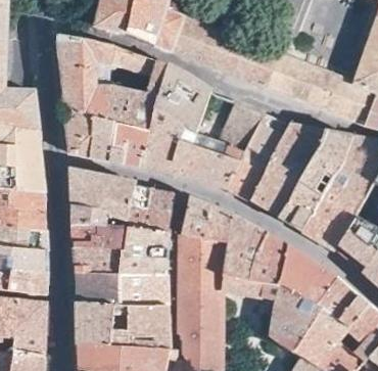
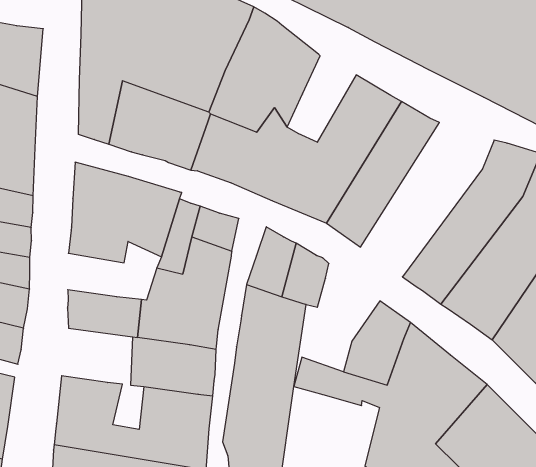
building: [250,121,325,218] -> none
building: [222,215,266,280] -> none
building: [72,226,127,249] -> none
building: [76,272,119,303] -> none

